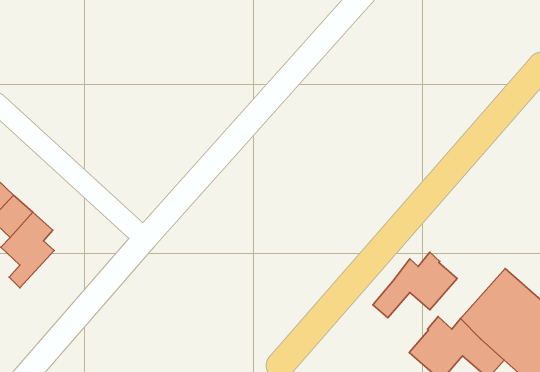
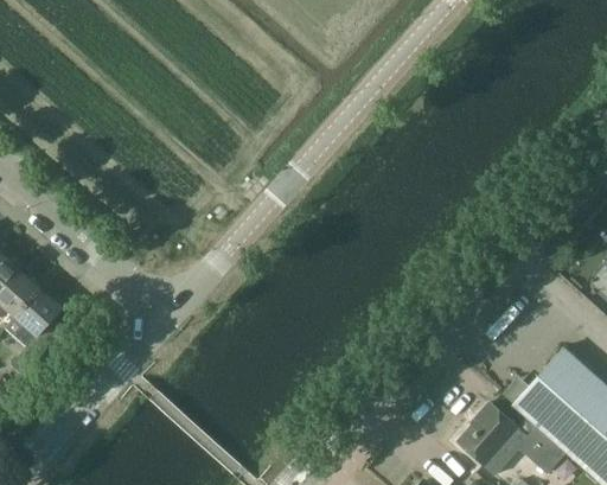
building: [373,252,457,318] -> none

